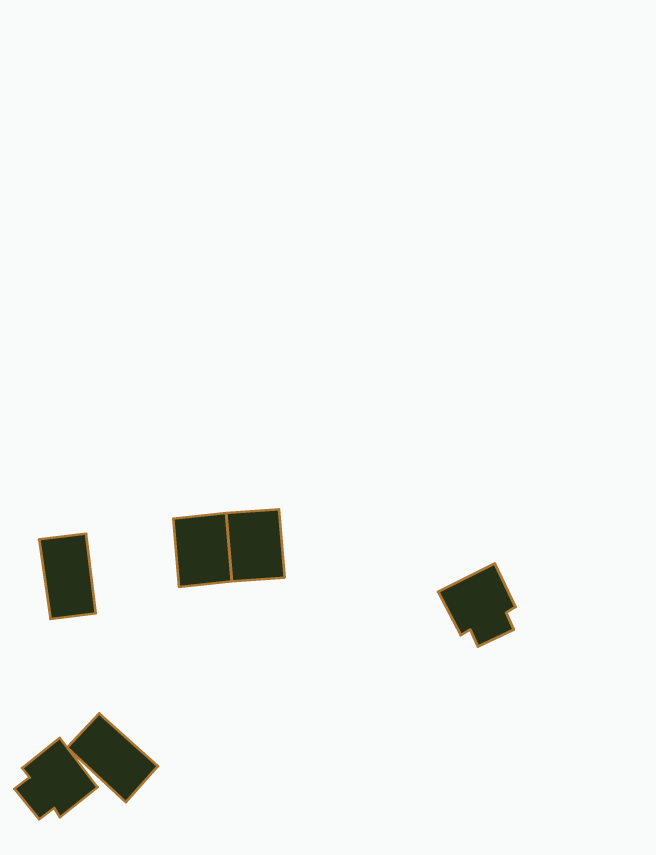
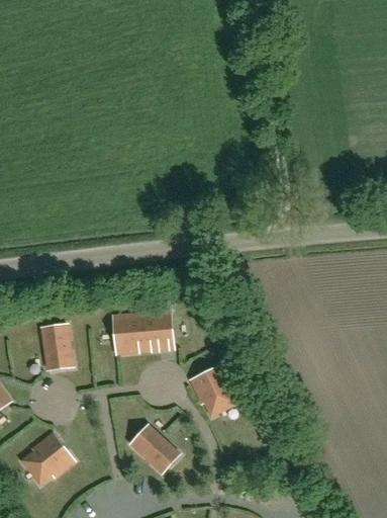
building: [438,564,516,647] -> [190,365,231,410]
building: [67,713,158,802] -> [130,426,179,473]

